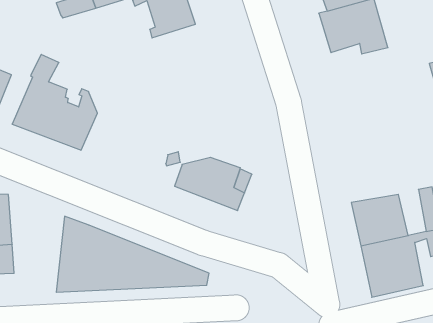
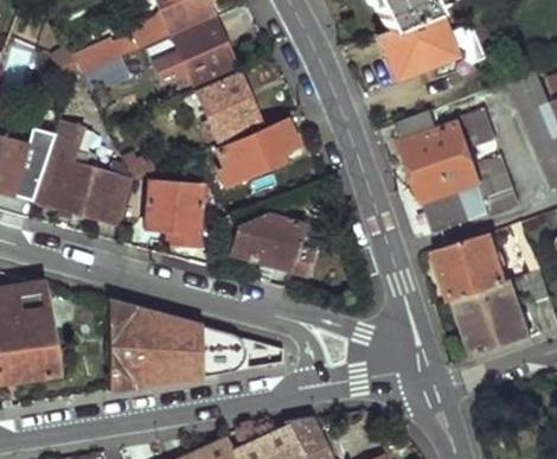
building: none -> [198,72,258,138]
building: none -> [216,120,297,185]
building: none -> [398,109,518,232]
building: none -> [145,180,201,243]

